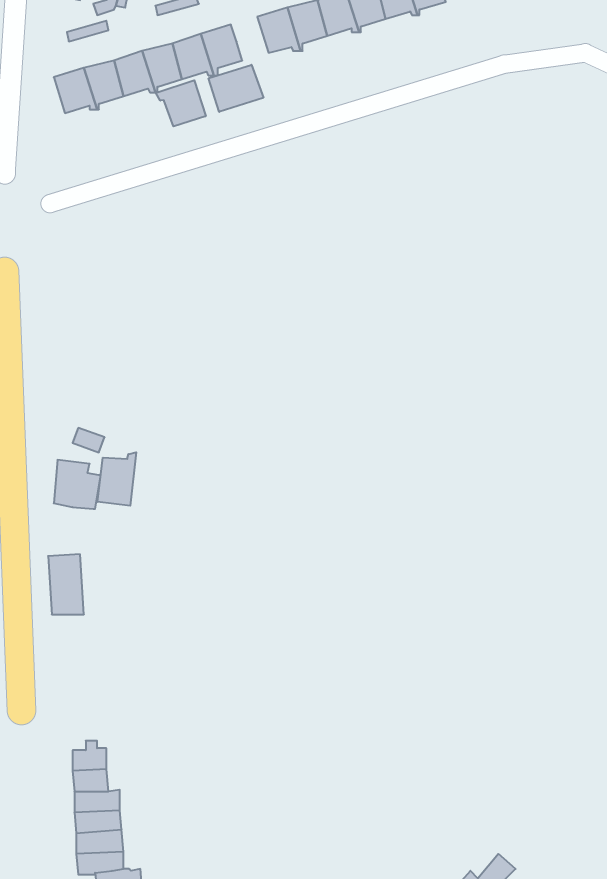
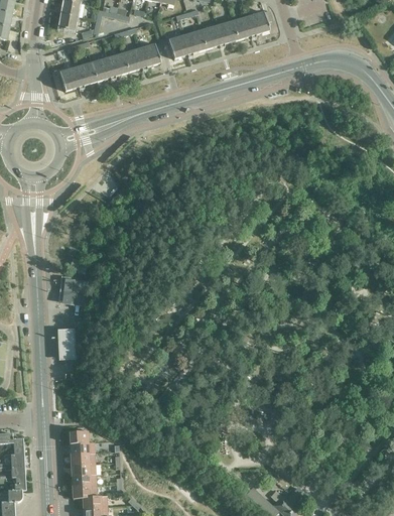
building: [209,65,263,112] -> none
building: [156,80,206,126] -> none
building: [98,452,136,506] -> none

